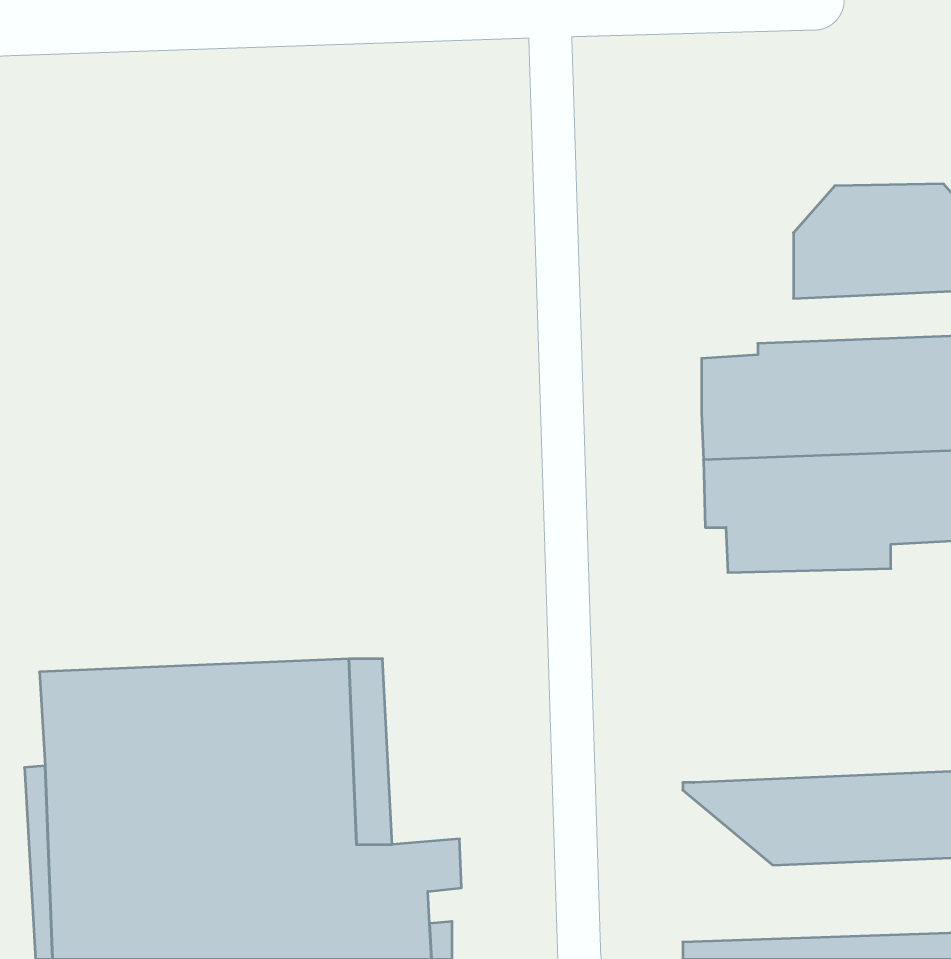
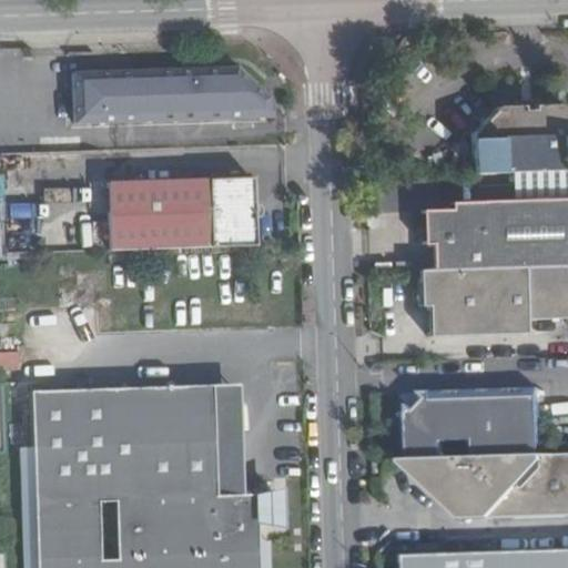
building: none -> [74,68,272,122]
building: none -> [111,178,258,252]
building: none -> [414,390,544,463]

